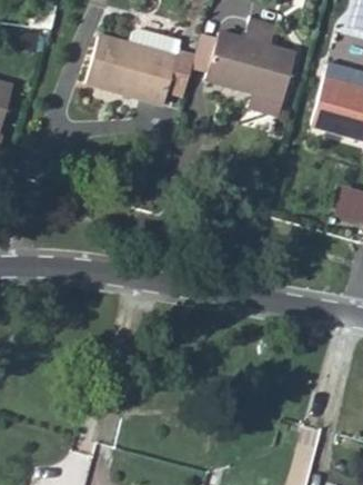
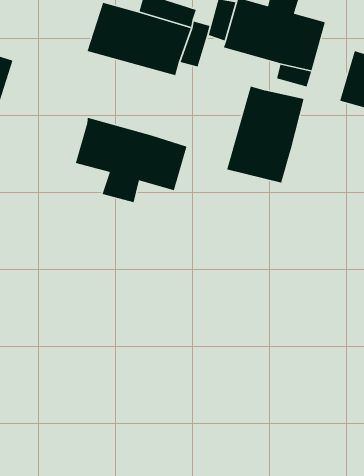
building: none -> [226,86,305,183]
building: none -> [75,117,187,203]

